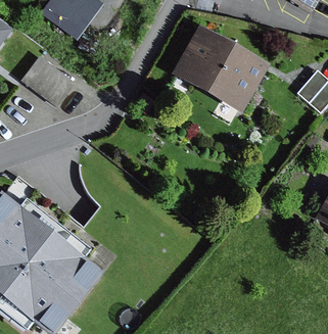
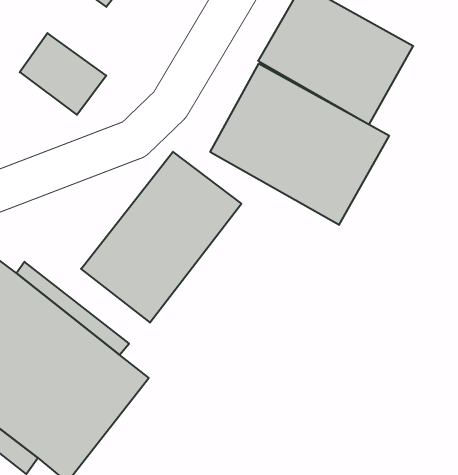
building: none -> [210,64,389,225]
building: none -> [81,152,241,323]

